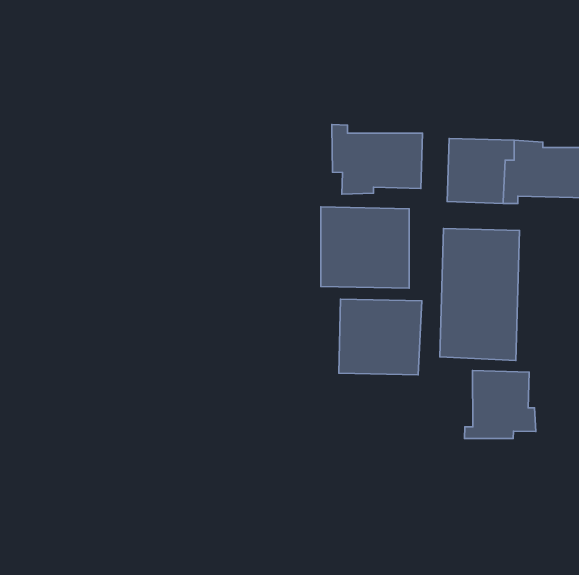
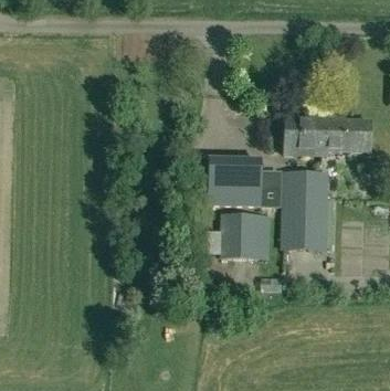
building: [332,125,423,194] -> none
building: [464,371,536,439] -> none

